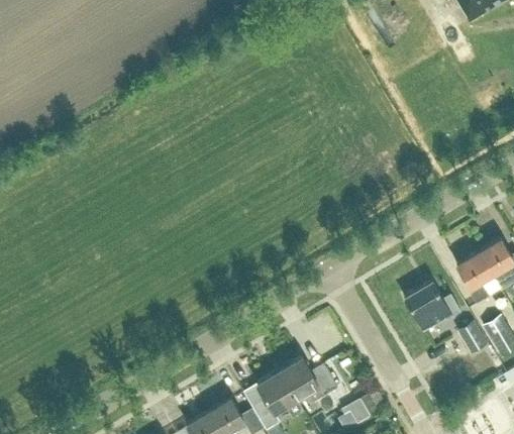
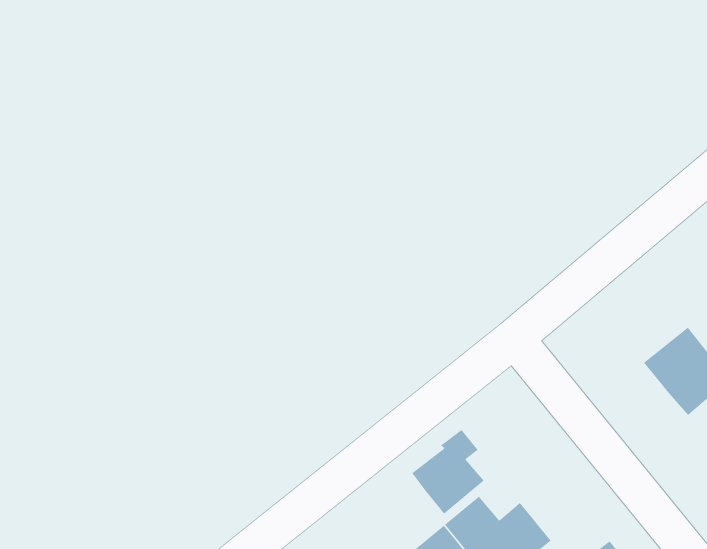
building: none -> [412,429,485,514]

